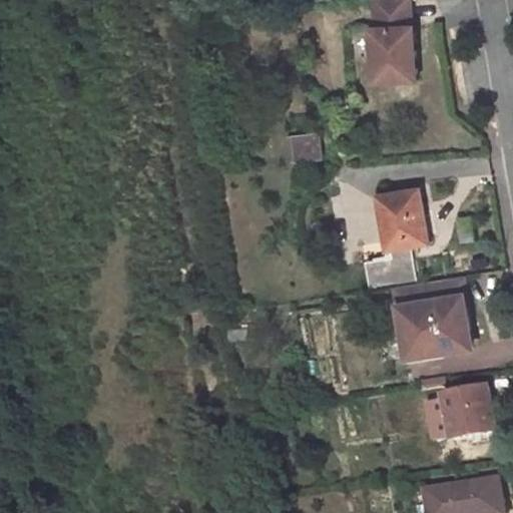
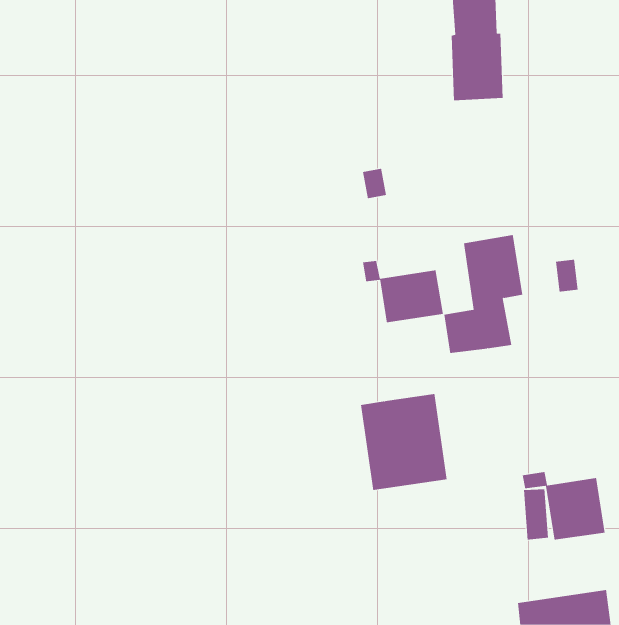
building: none -> [363,260,443,323]
building: [398,276,469,355] -> [360,394,447,491]

